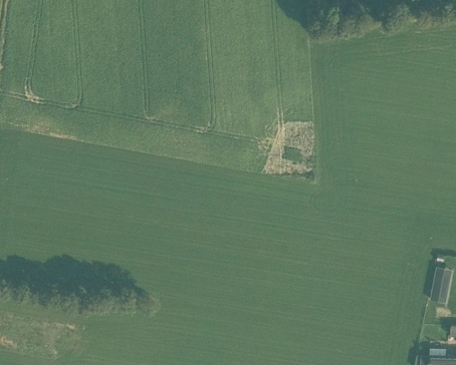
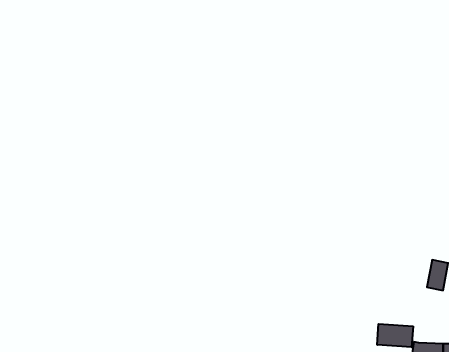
building: none -> [377,324,413,347]

